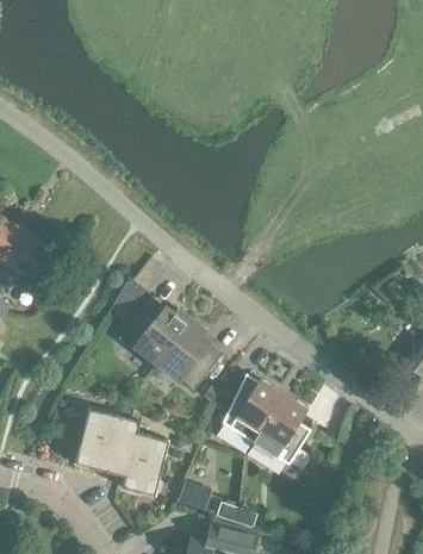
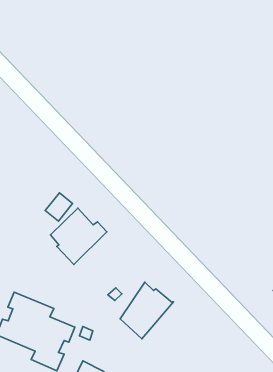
building: [156,319,223,390] -> none
building: [251,393,310,466] -> none

